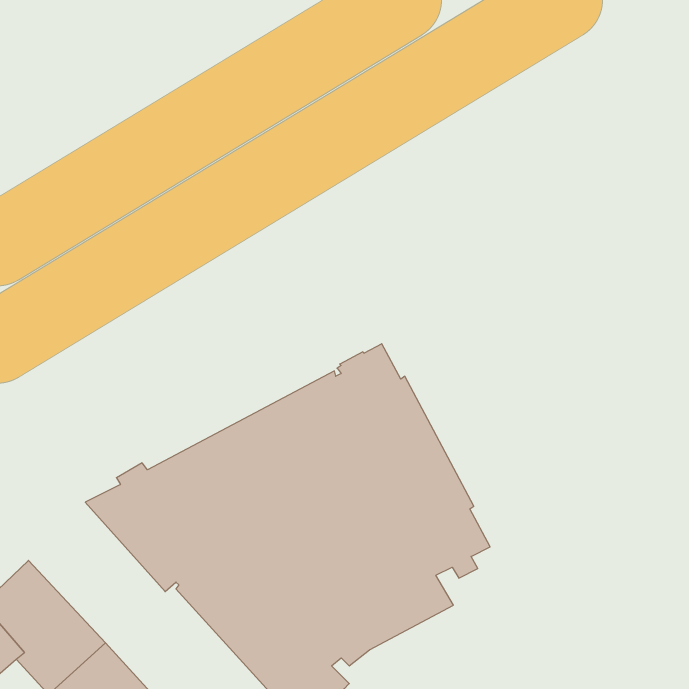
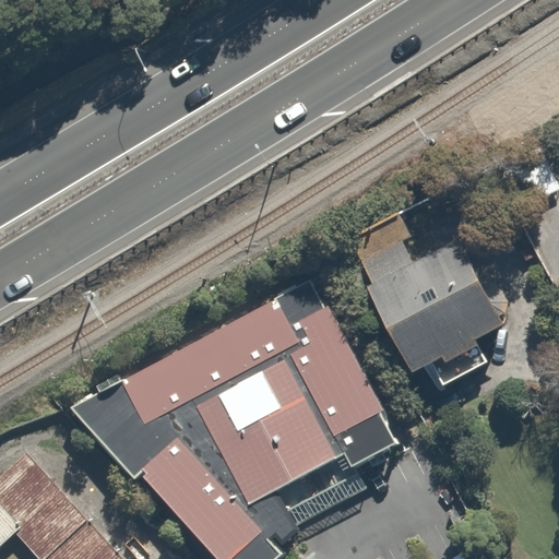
building: none -> [346,197,499,388]

